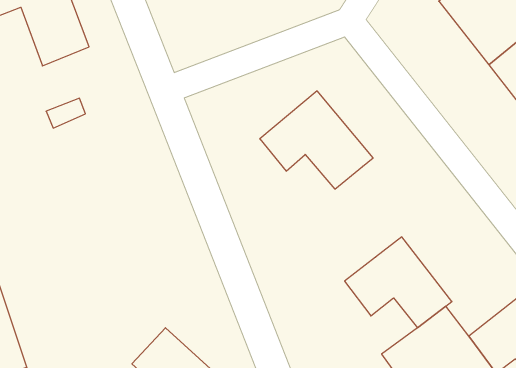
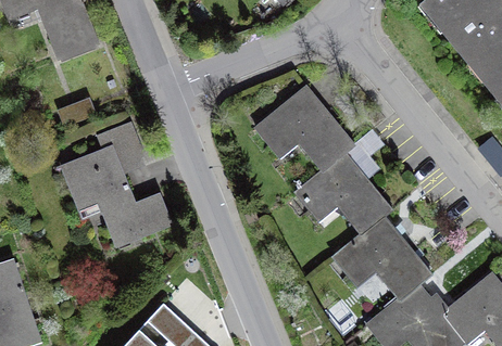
building: none -> [60,117,172,242]
building: none -> [299,155,392,238]

